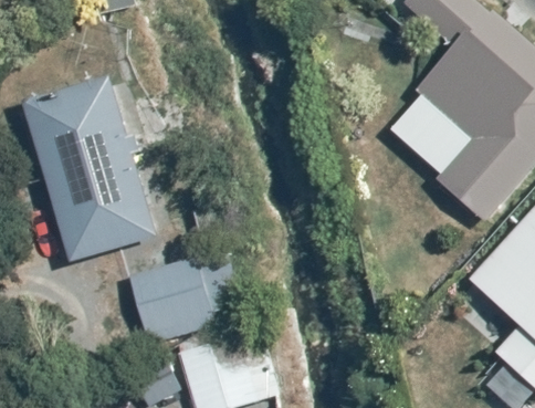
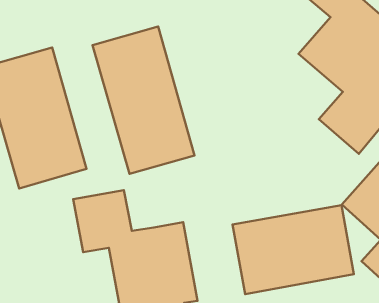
building: none -> [93,26,194,174]
building: none -> [233,205,354,294]

